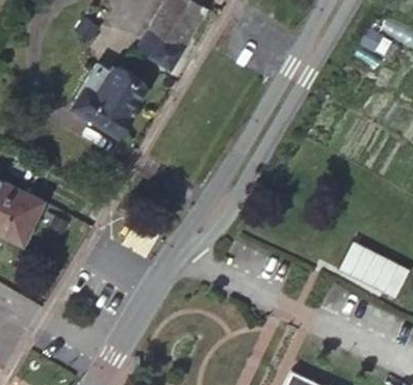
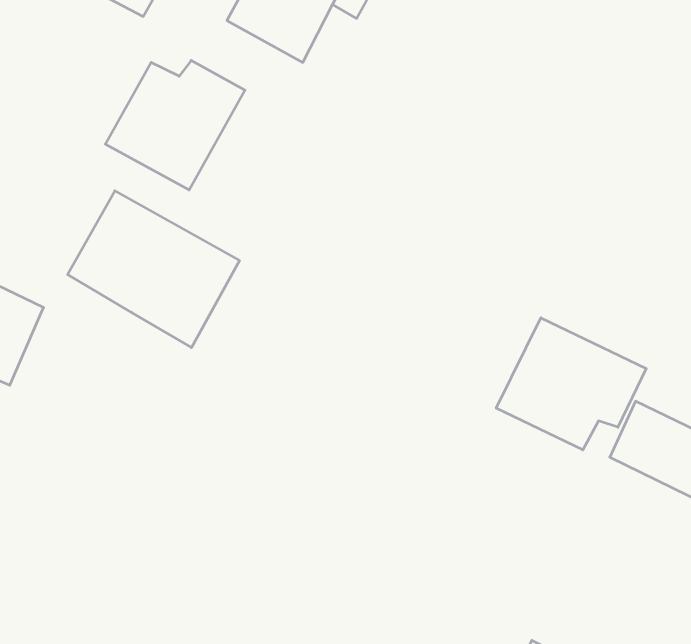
building: none -> [68,191,239,348]
building: none -> [496,318,646,450]

